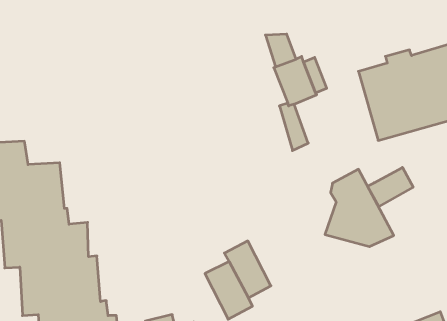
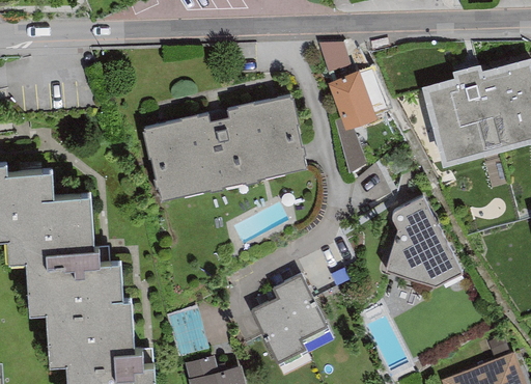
building: none -> [141,95,306,199]
building: [368,167,413,206] -> none

